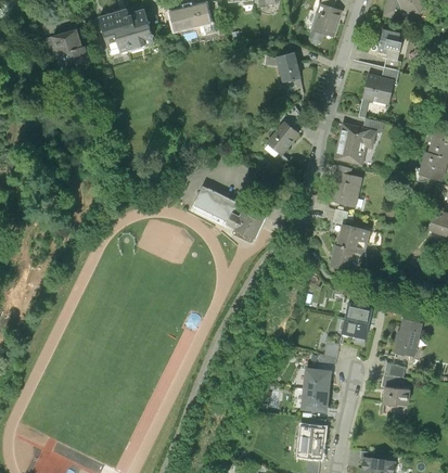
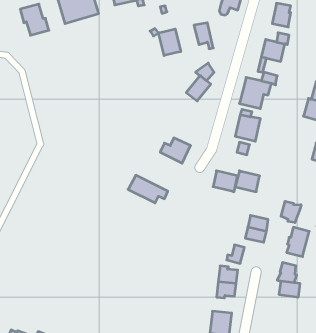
building: none -> [159,29,181,56]
building: [199,182,249,218] -> [128,175,168,203]
building: [336,226,368,253] -> [213,171,238,192]
building: none -> [281,201,301,223]

